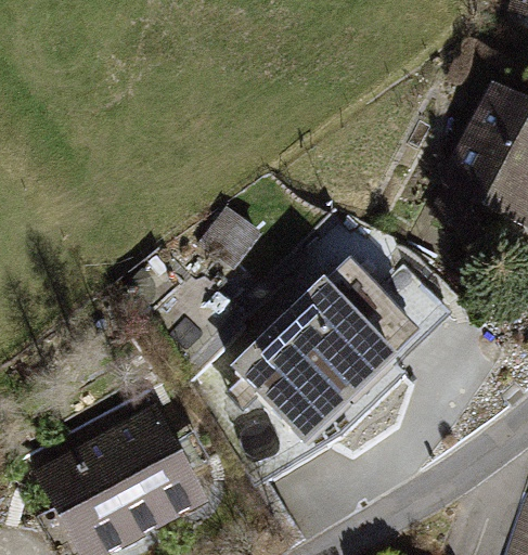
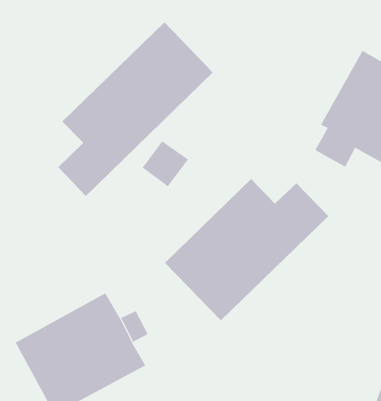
building: none -> [58,22,214,197]

